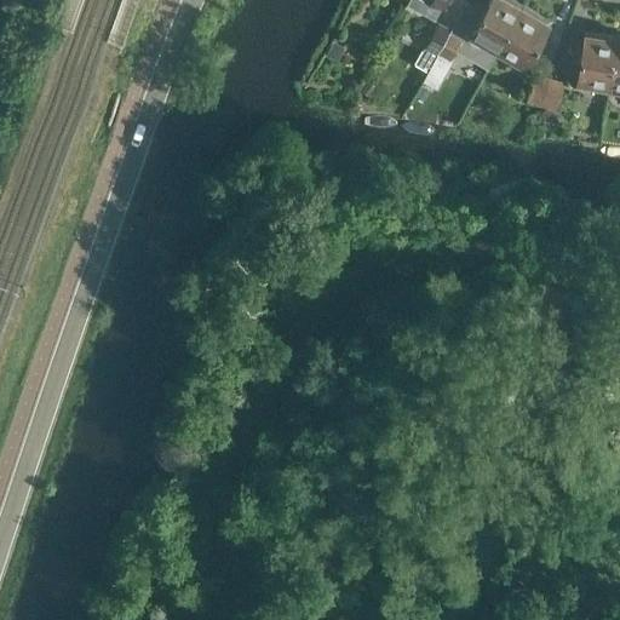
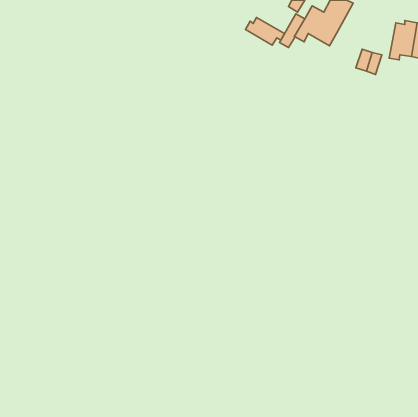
building: [499,7,549,74] -> none
building: none -> [246,17,285,45]

